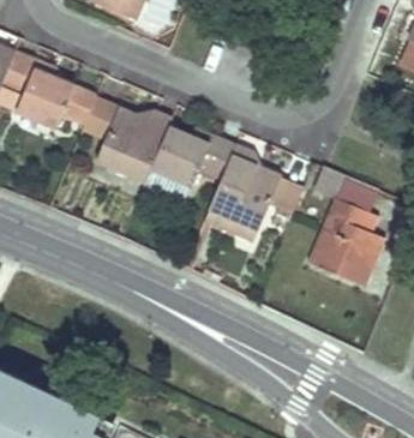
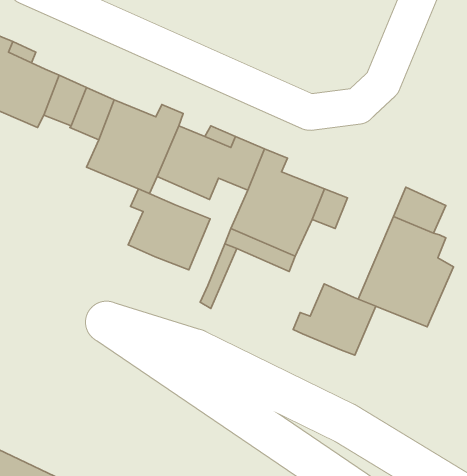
building: none -> [128,189,210,270]
building: none -> [293,284,376,355]

